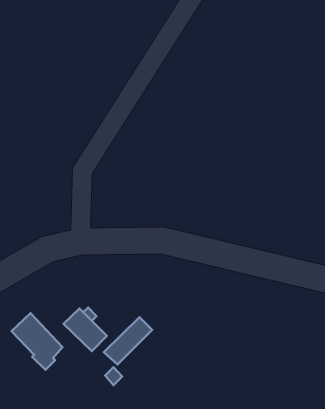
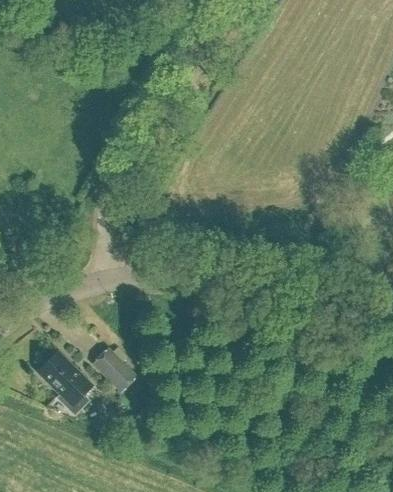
building: [104,317,152,364] -> none

